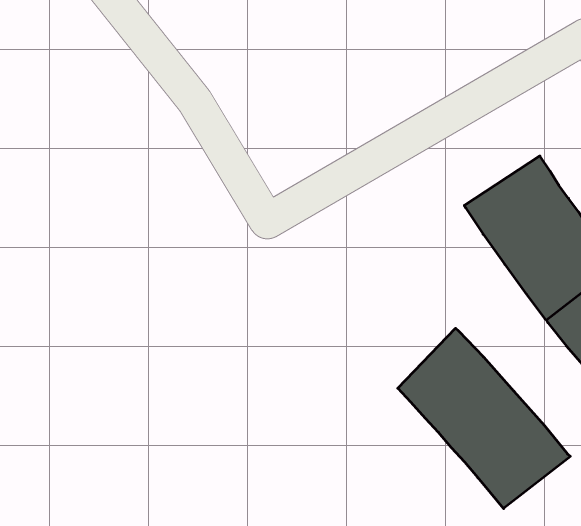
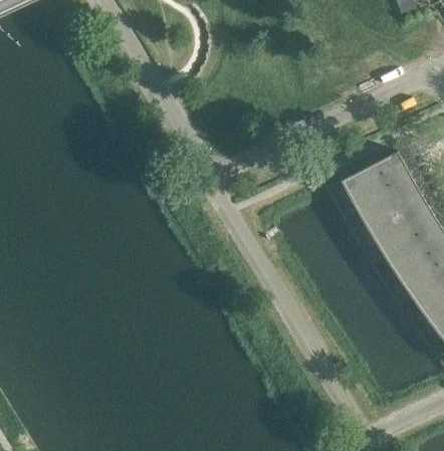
building: [398,328,570,509] -> none

